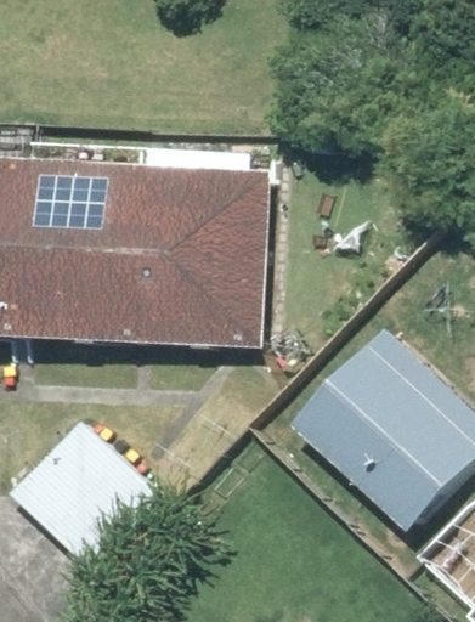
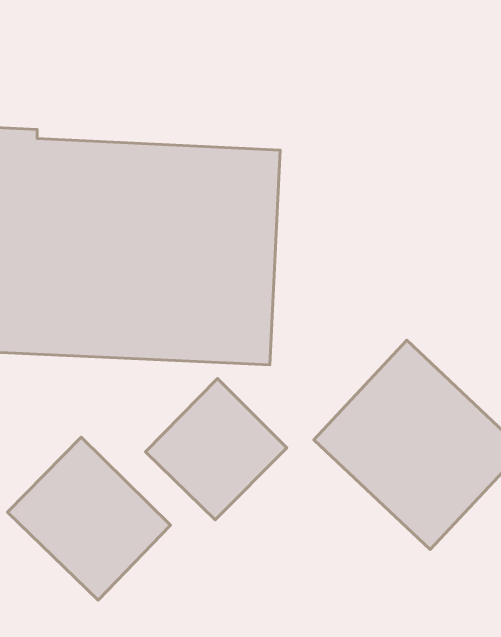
building: none -> [146,379,287,520]

